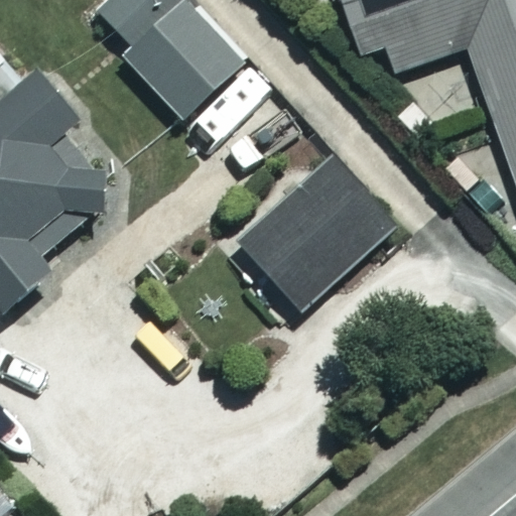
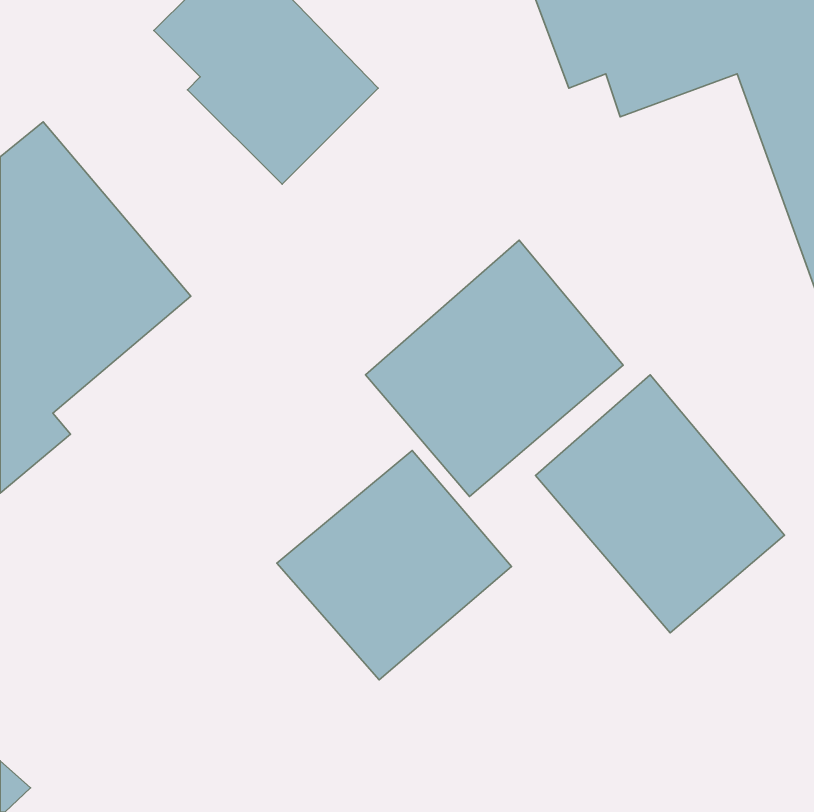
building: none -> [536,375,784,633]
building: none -> [277,450,512,680]

